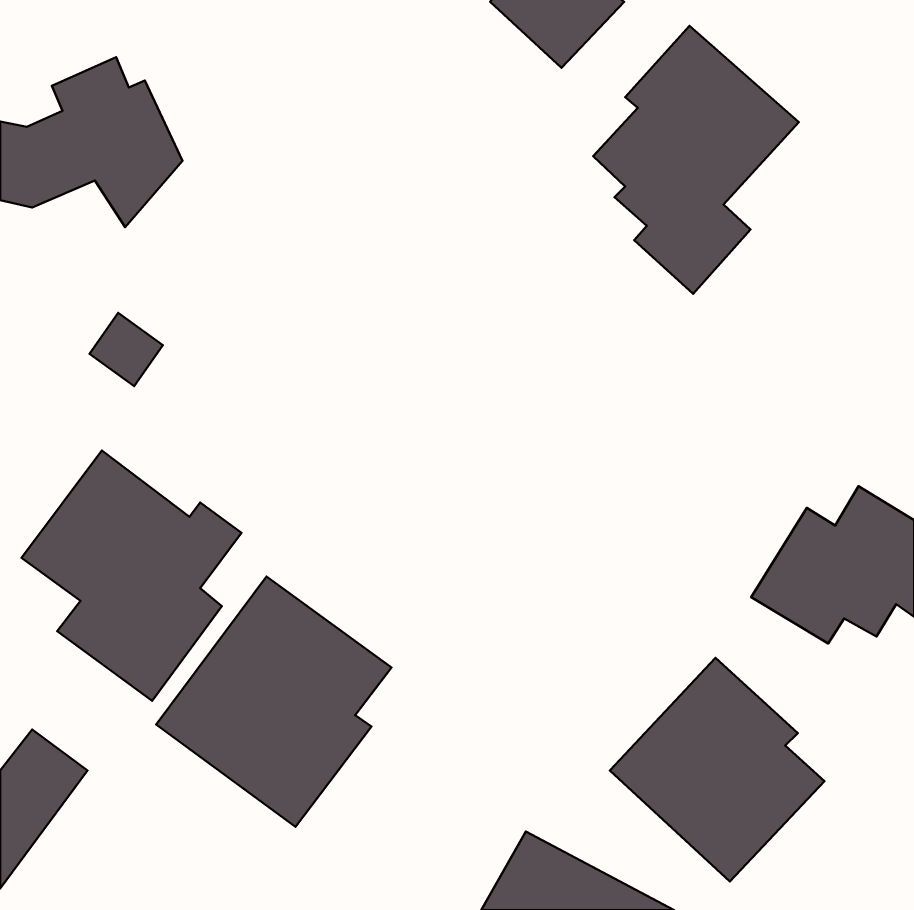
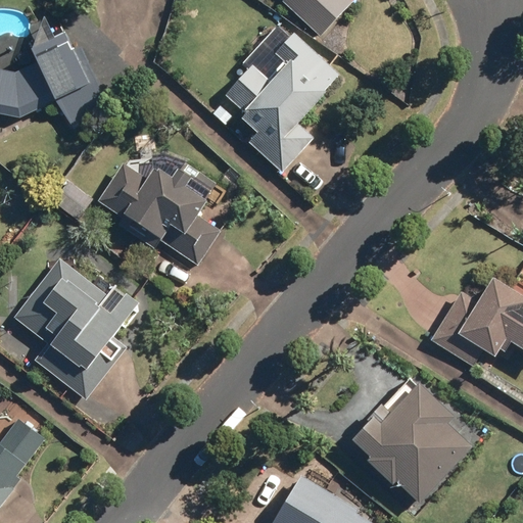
building: [593,26,799,294] -> [225,20,342,174]
building: none -> [96,153,228,266]
building: [156,577,391,827] -> none

